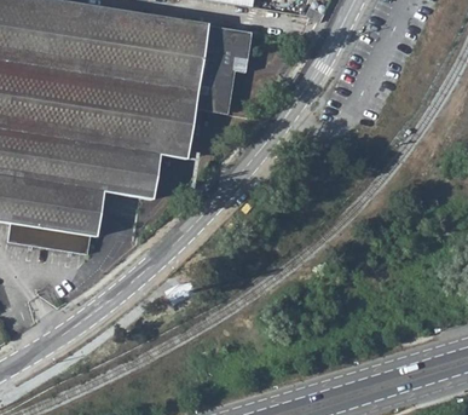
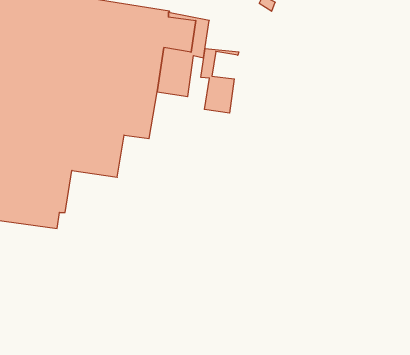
building: none -> [201,48,239,113]

